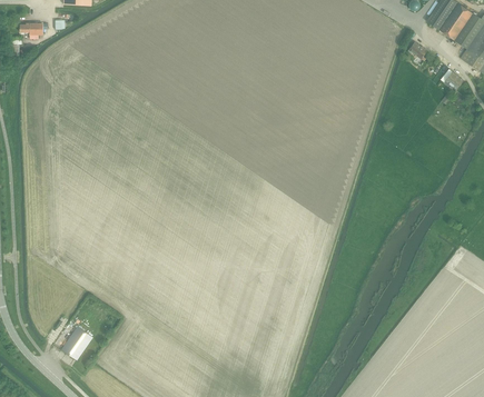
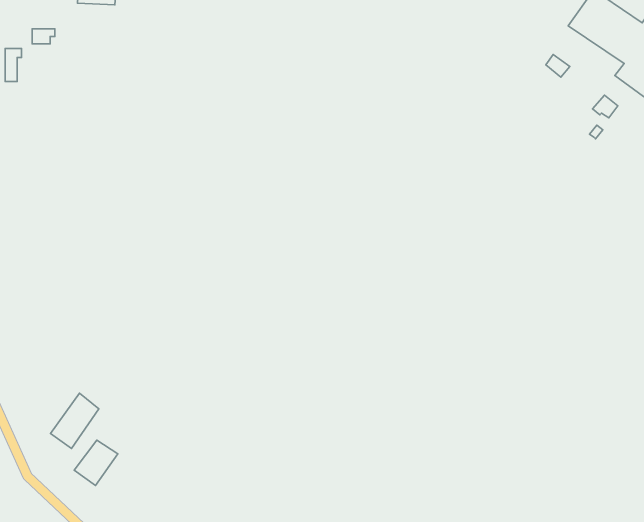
building: none -> [51,393,99,448]

